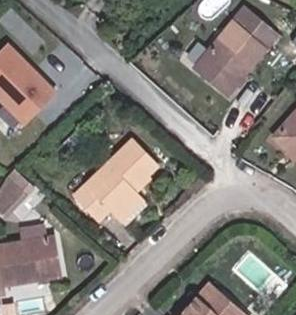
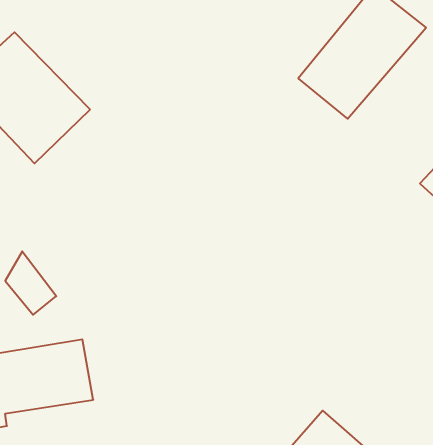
building: [73,139,157,227] -> none

